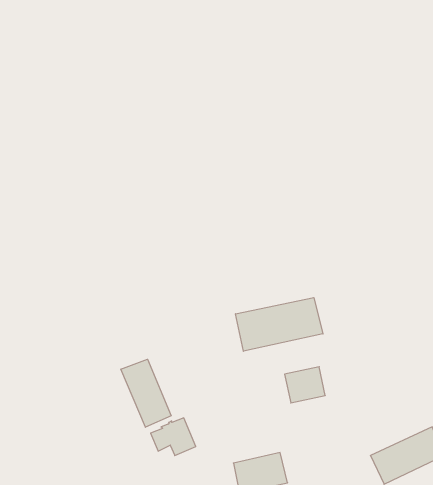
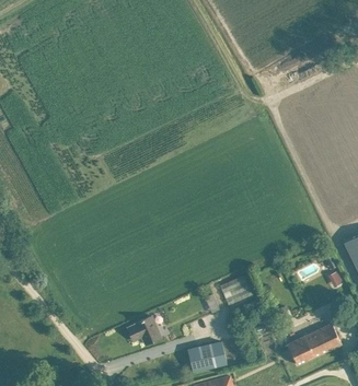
building: [236,298,323,351] -> none
building: [121,359,171,427] -> none

